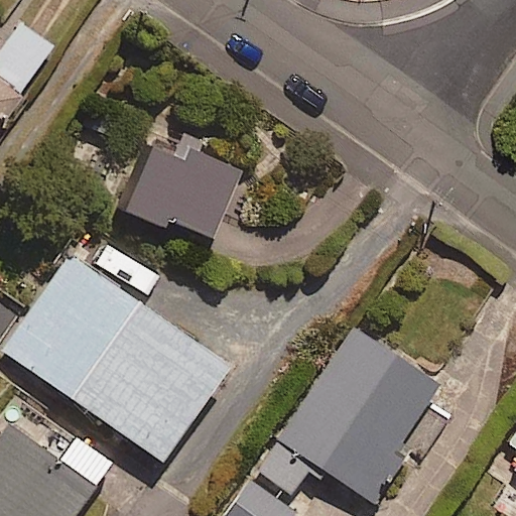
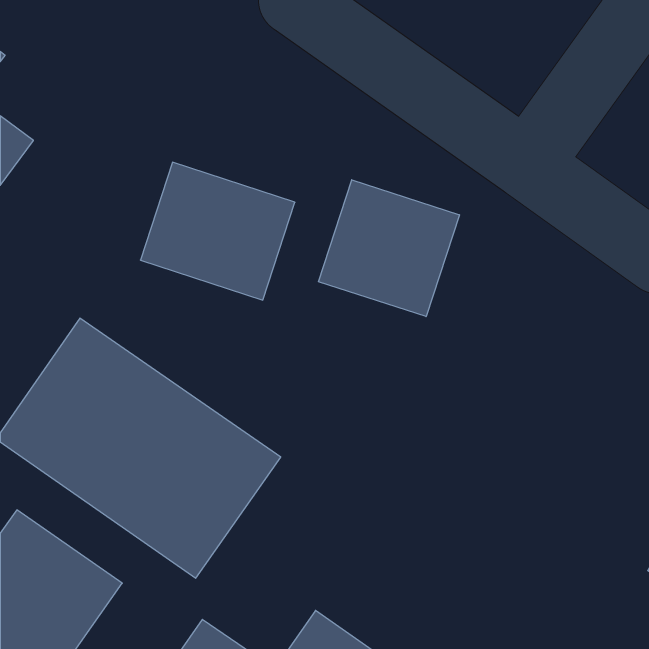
building: none -> [319,180,459,317]
building: [260,330,437,505] -> none

